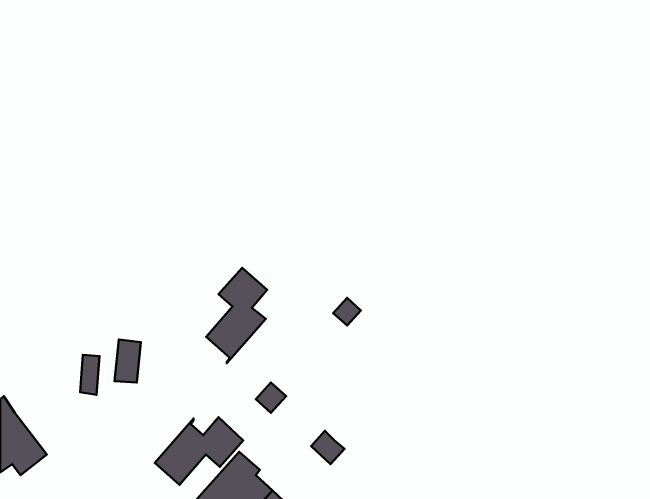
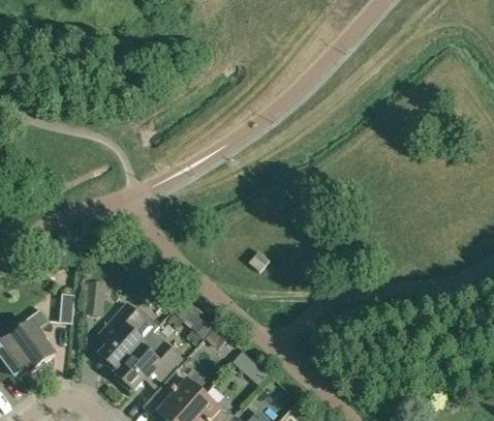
building: [206,268,267,363] -> [100,302,146,373]
building: none -> [11,308,55,367]

